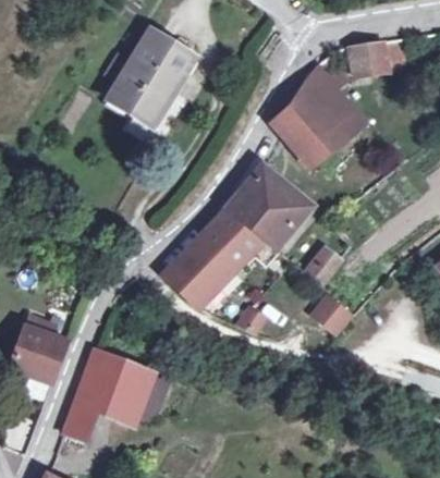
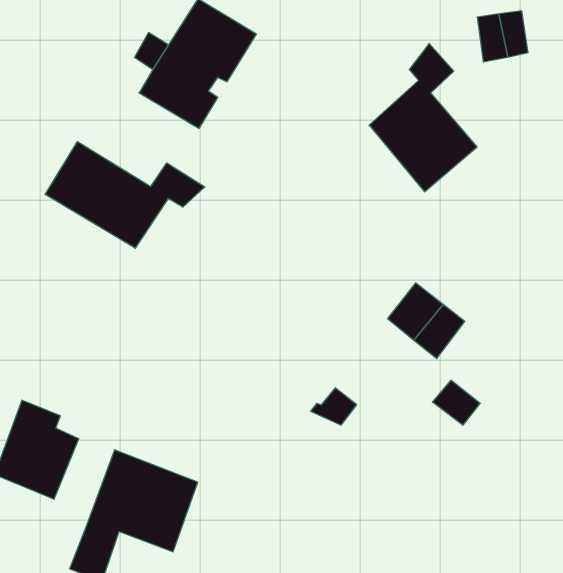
building: [316,54,366,137] -> none
building: none -> [45,142,205,248]
building: [167,168,311,306] -> none

